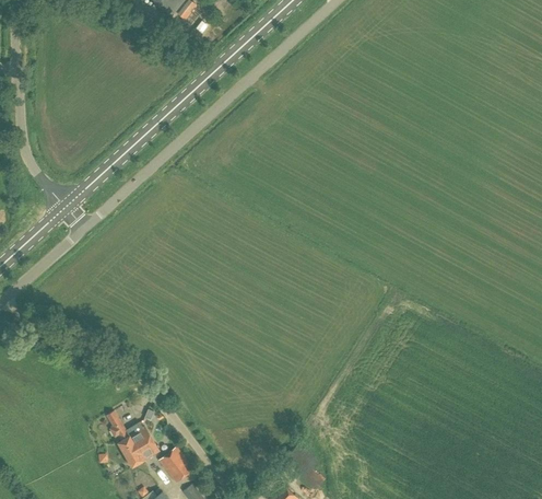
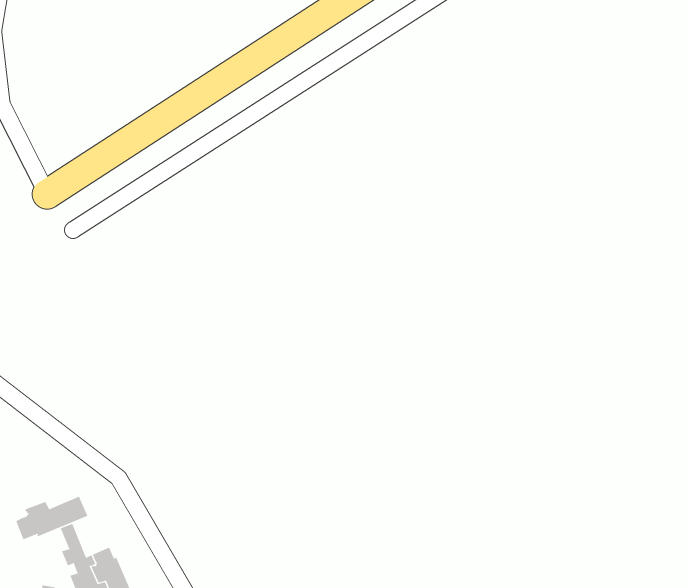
building: none -> [16,496,88,540]

